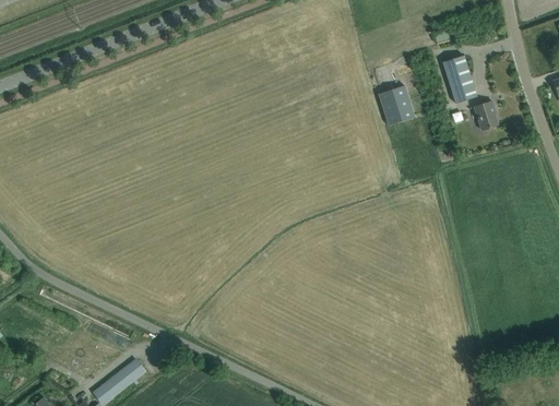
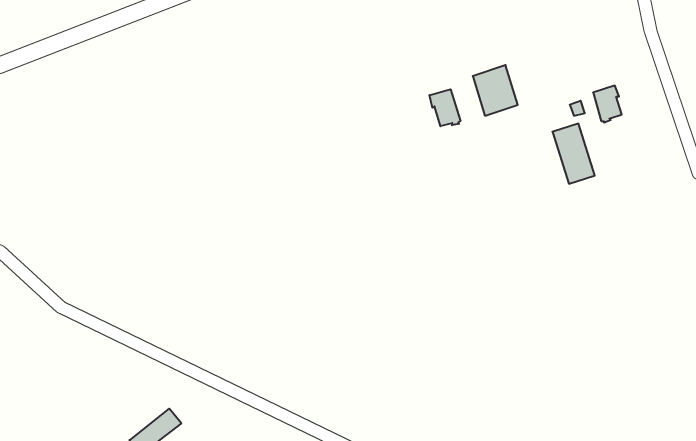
building: [442,55,476,103] -> [552,124,595,184]
building: none -> [429,89,460,126]

